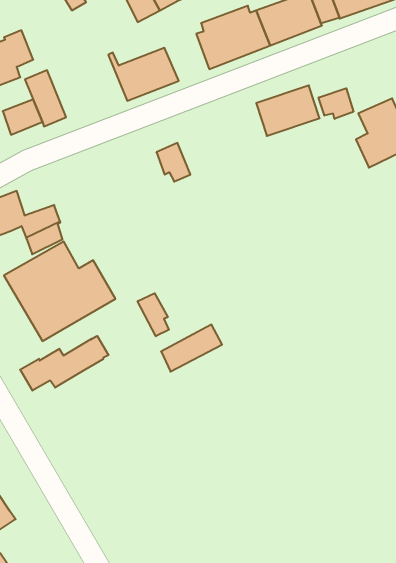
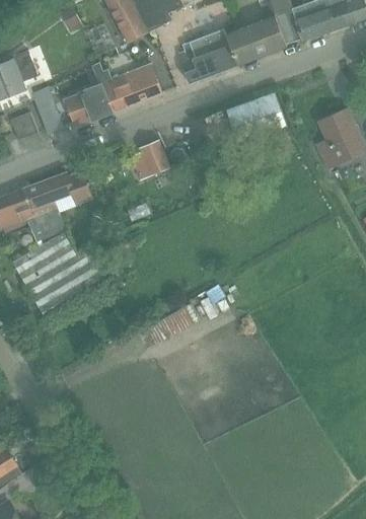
building: none -> [64,61,118,125]
building: [319,88,353,119] -> none
building: none -> [22,171,90,209]
building: [138,293,169,336] -> none
building: [20,336,109,391] -> none

